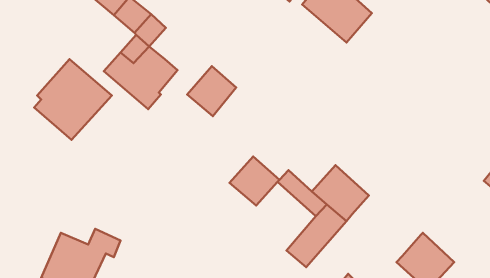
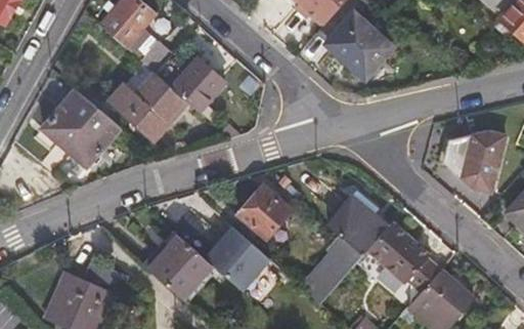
building: [187,66,236,116] -> [174,58,225,111]
building: none -> [445,130,507,191]
building: none -> [217,221,281,285]
building: none -> [369,224,441,294]
building: none -> [154,235,218,299]

